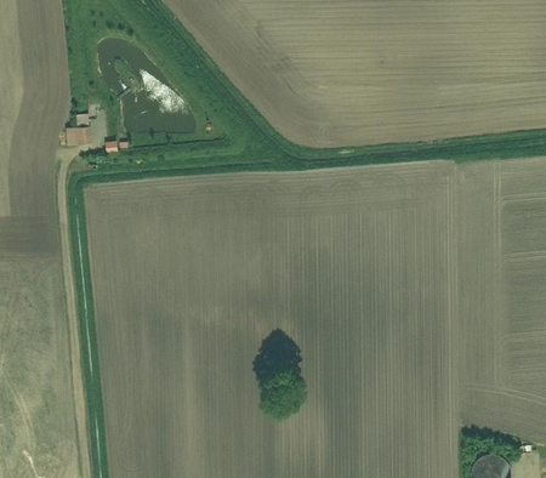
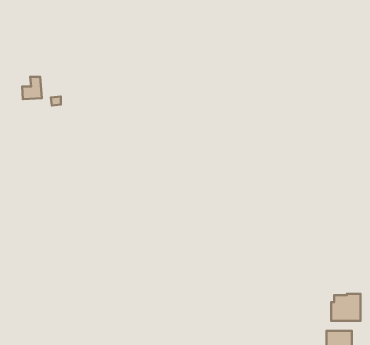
building: none -> [331,294,360,321]

